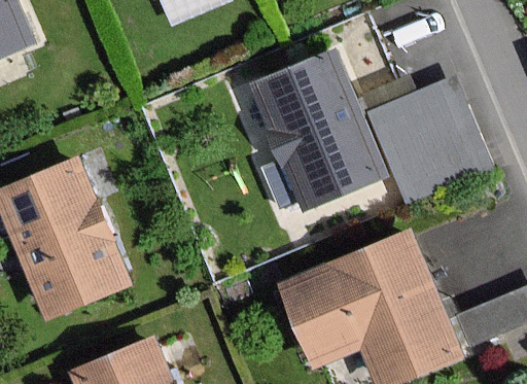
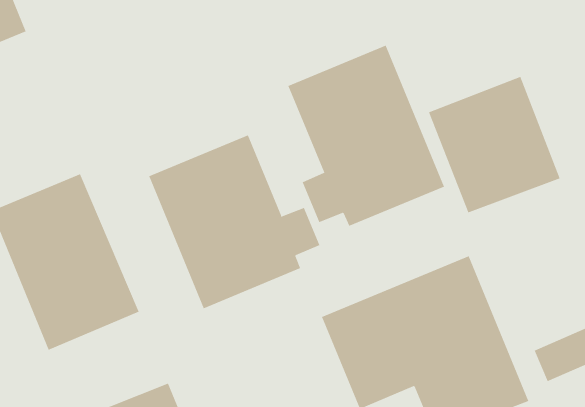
building: none -> [148,135,320,309]

